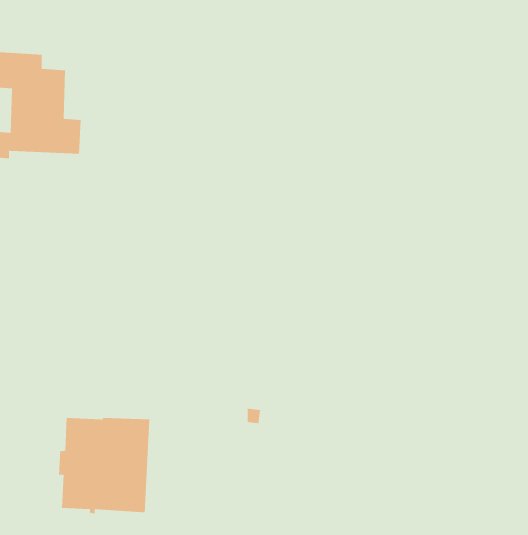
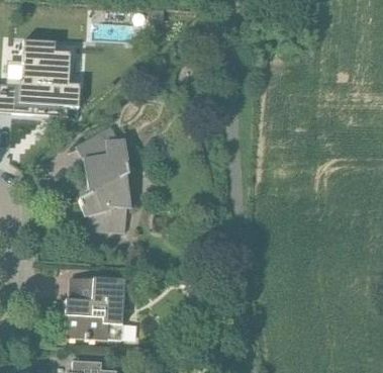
building: none -> [78,128,130,229]

